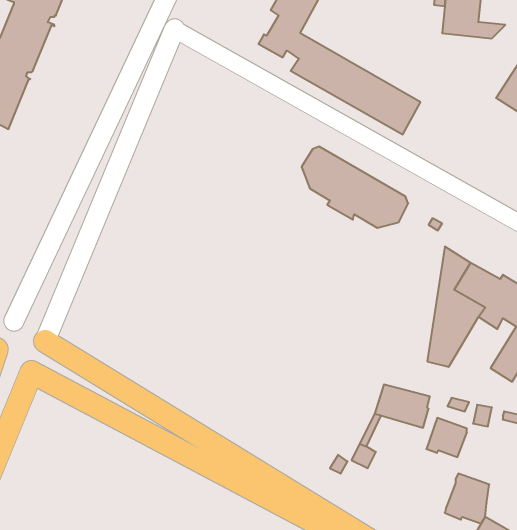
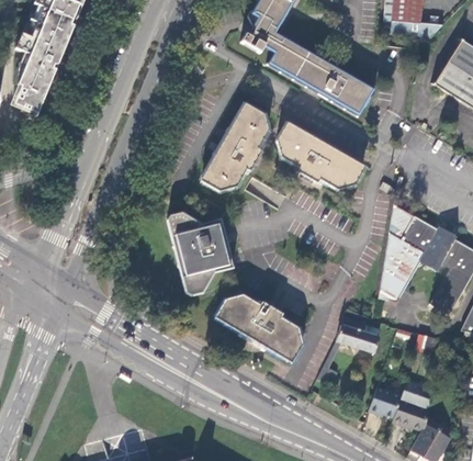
building: none -> [201,104,268,190]
building: none -> [167,211,233,294]
building: none -> [217,293,303,359]
building: [426,418,467,457] -> [369,384,402,416]

